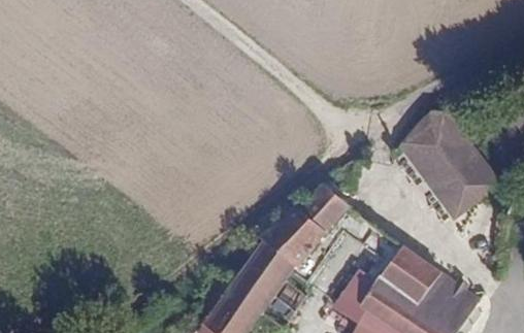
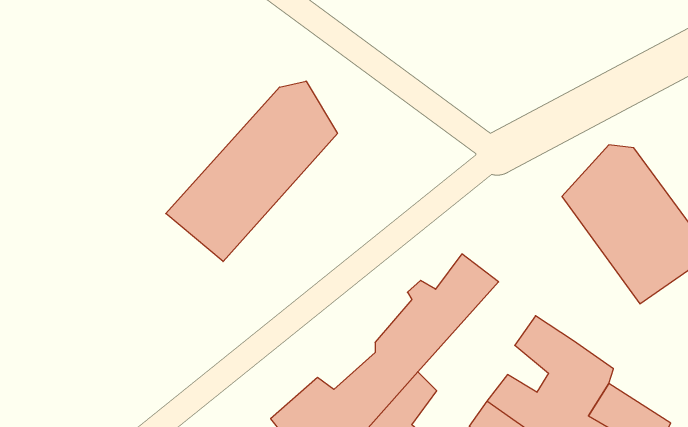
building: none -> [166,81,337,262]

